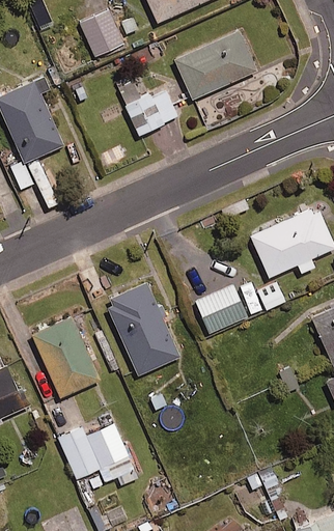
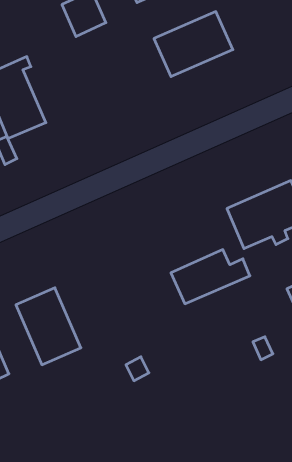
building: [115,76,178,135] -> none
building: [107,284,178,374] -> none
building: [58,423,129,479] -> none

